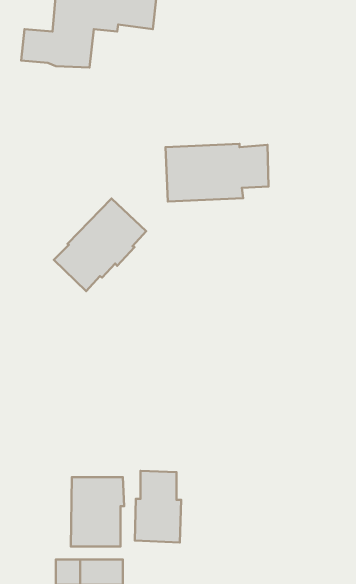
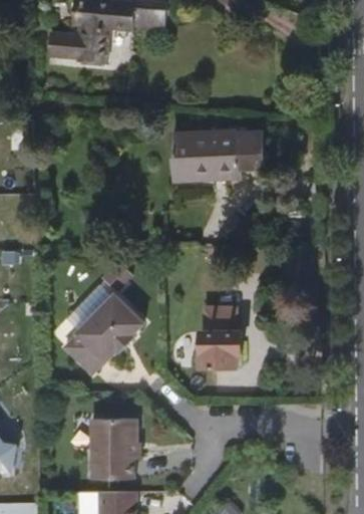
building: [54,199,146,291] -> [62,295,142,375]
building: [135,471,181,543] -> [197,307,237,369]

